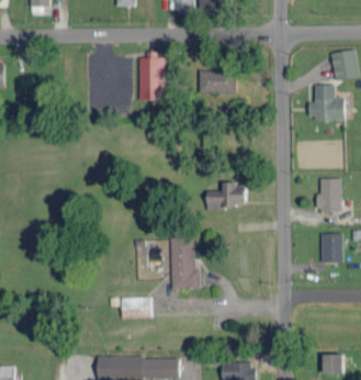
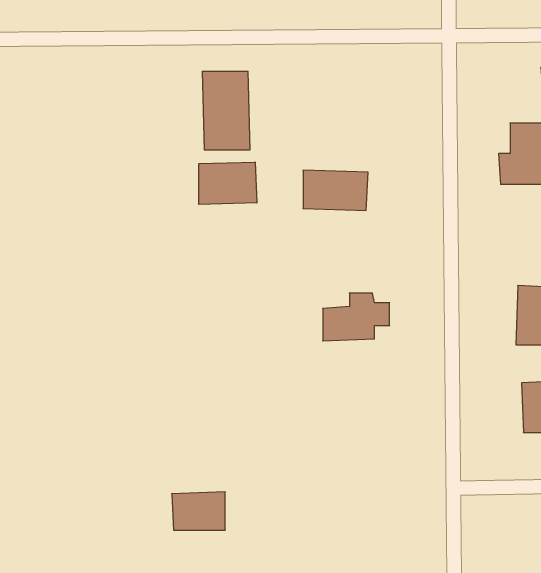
building: [200,70,237,93] -> [303,170,368,210]
building: none -> [199,162,257,204]
building: [170,237,201,290] -> none

